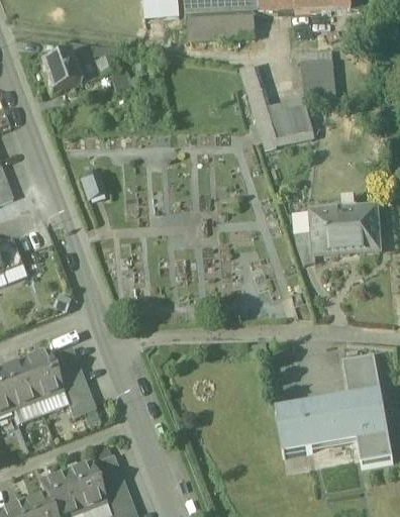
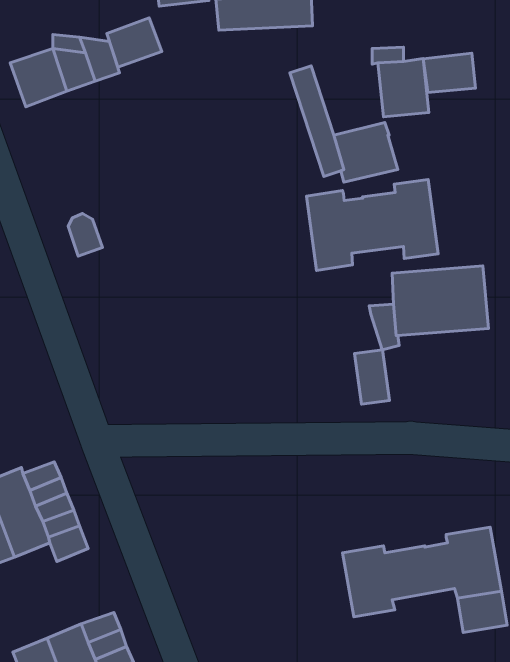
building: none -> [107,18,162,67]
building: none -> [423,53,476,92]
building: none -> [307,179,438,271]
building: none -> [354,350,390,404]
building: [342,352,381,398] -> none

